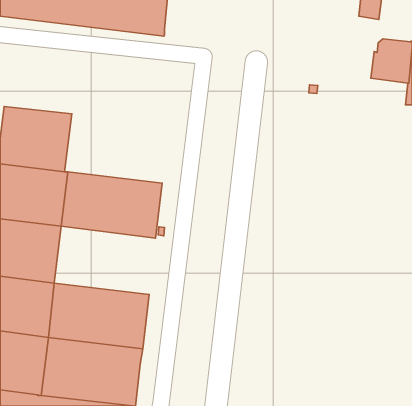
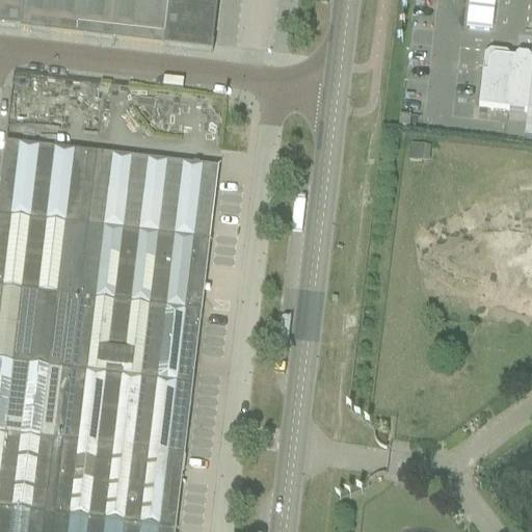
building: none -> [83,147,218,236]
building: none -> [70,291,201,379]

